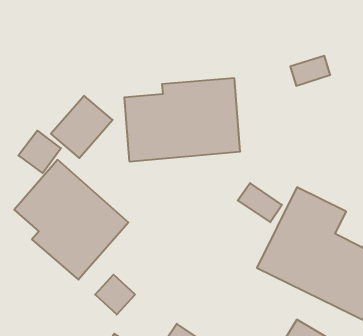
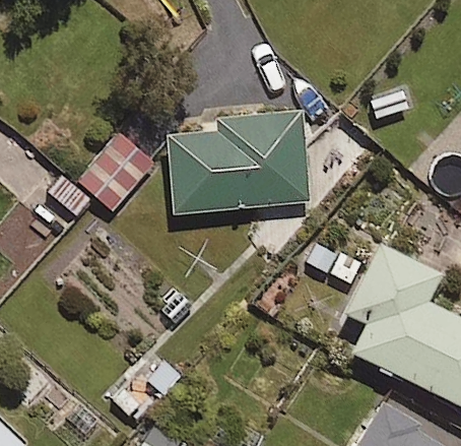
building: [14,160,128,280] -> none

